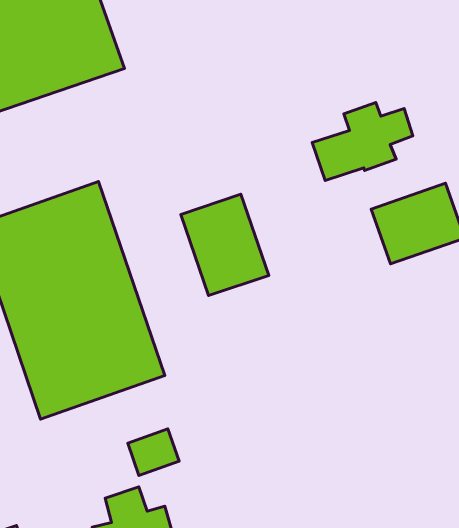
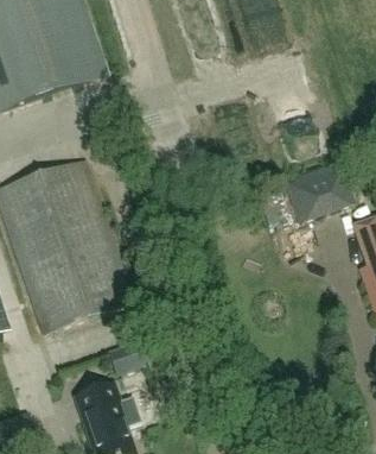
building: [312,102,413,181] -> none
building: [181,194,269,296] -> none

